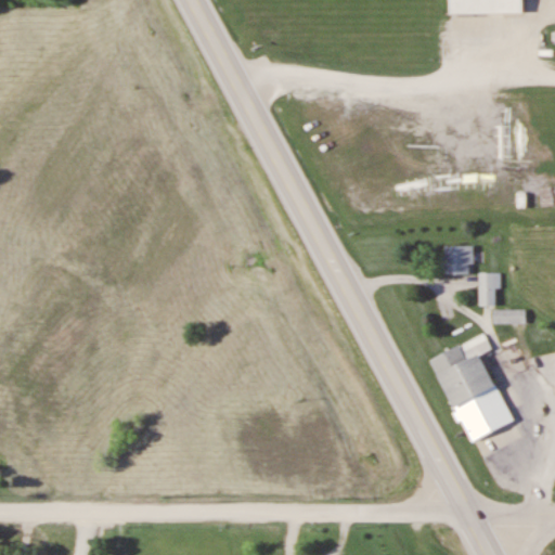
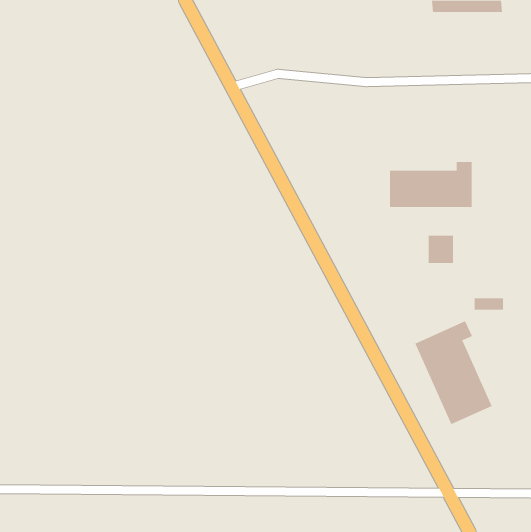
building: none -> [390,161,472,208]
building: [479,273,500,306] -> none

